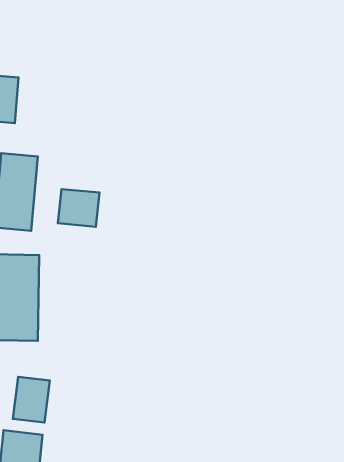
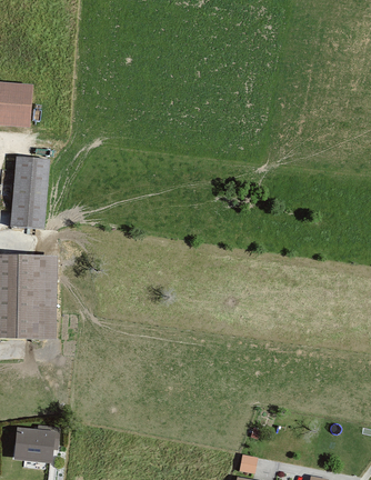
building: [58,189,99,227] -> none
building: [13,377,50,422] -> none

